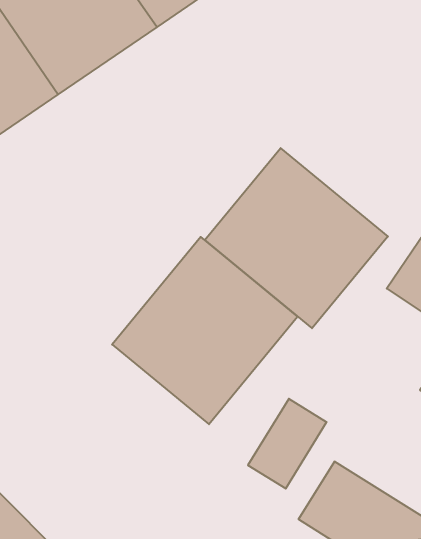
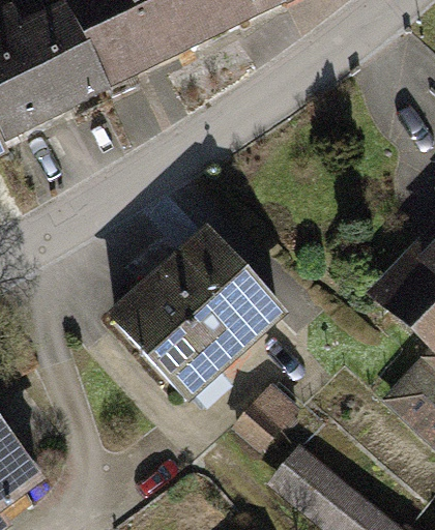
building: [205,148,388,328] -> none

